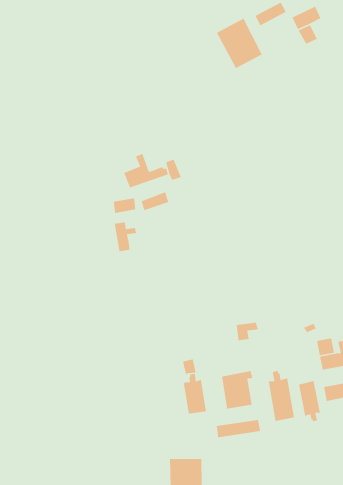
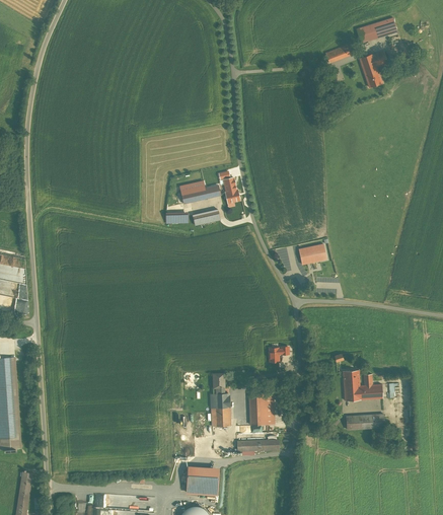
building: [216,18,263,69] -> none
building: none -> [298,244,325,264]
building: [114,221,137,252] -> none
building: [268,370,295,422] -> none
building: [298,380,321,422] -> none

